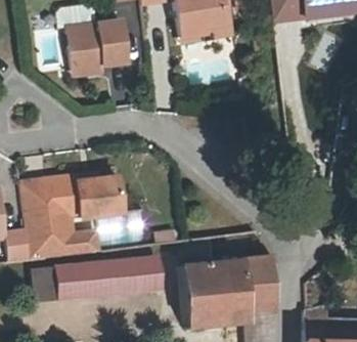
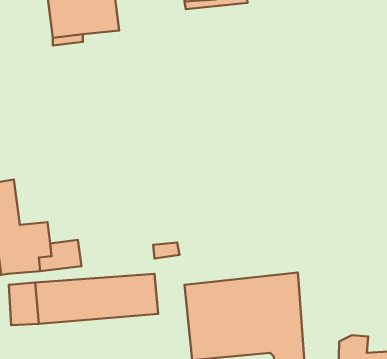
building: [39,176,118,217] -> none

